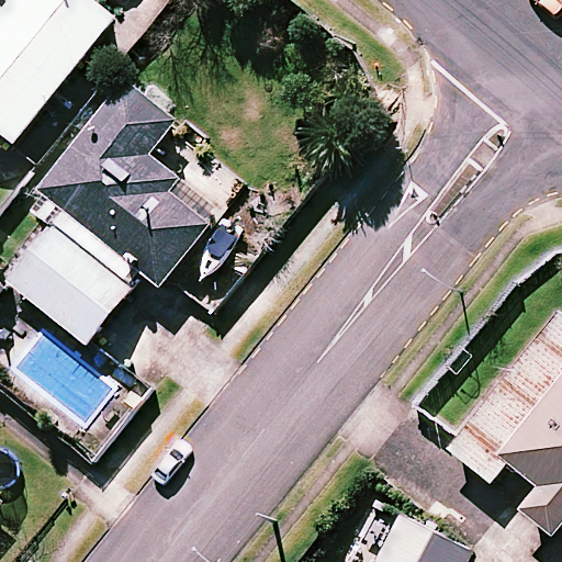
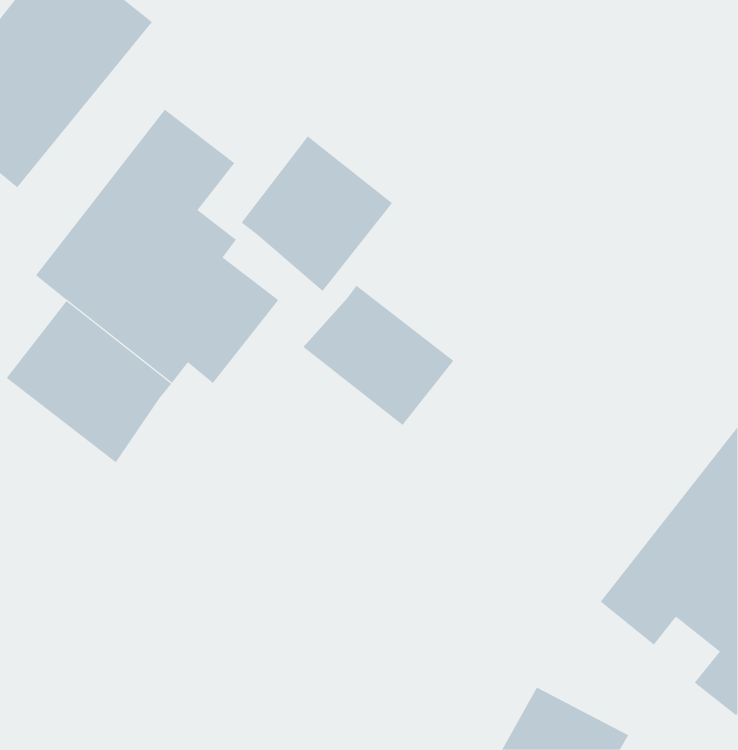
building: none -> [241,135,393,292]
building: none -> [302,285,454,426]

